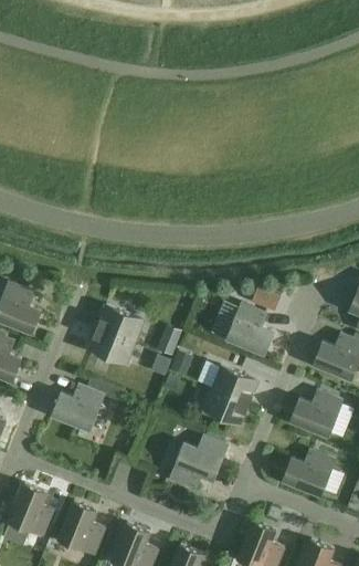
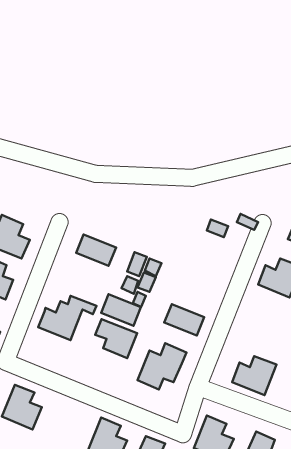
building: [225,303,273,355] -> none
building: [87,327,135,365] -> [101,294,141,326]
building: [210,366,257,403] -> none
building: [289,390,342,437] -> none
building: none -> [95,319,137,358]
building: [57,502,104,555] -> none

